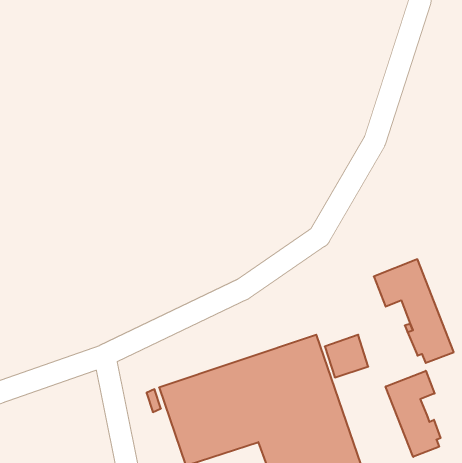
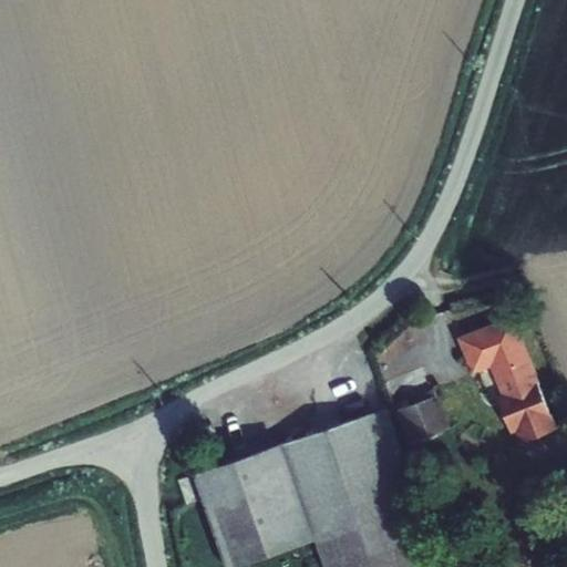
building: [386,371,441,457] -> none

